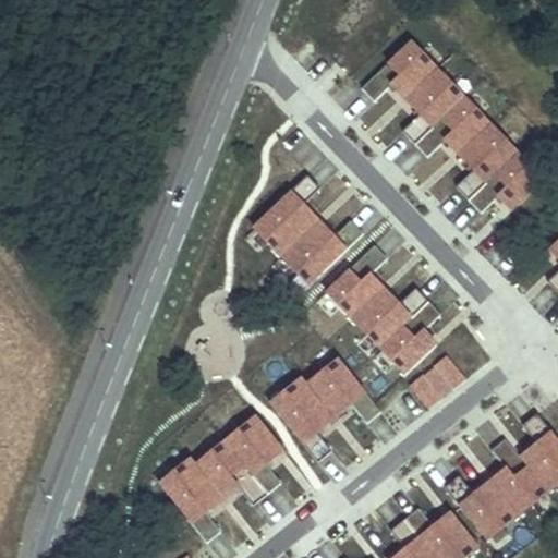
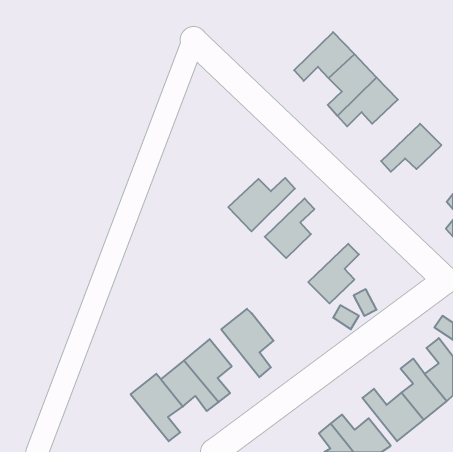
building: [456,122,515,197] -> none
building: [253,173,319,254] -> none
building: [351,287,427,345] -> none
building: [308,359,381,423] -> none

